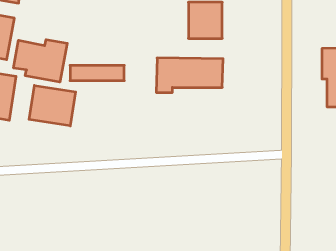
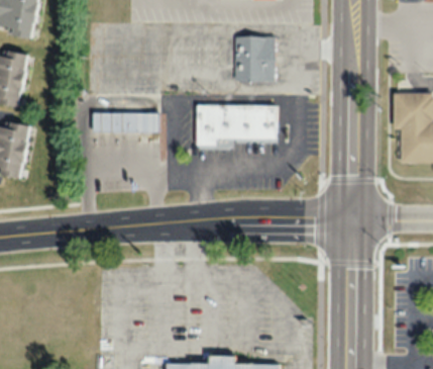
building: [14,40,67,82] -> none
building: [29,85,76,126] -> none

